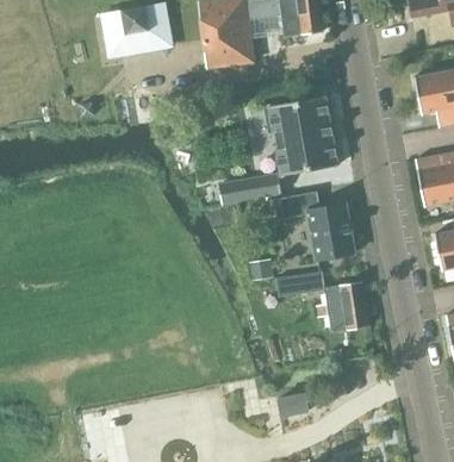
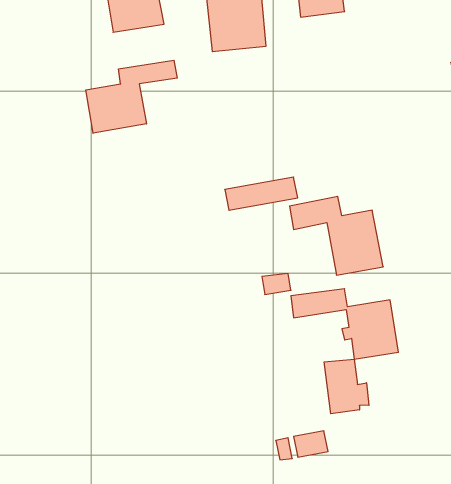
building: none -> [86,60,177,133]
building: [263,95,337,176] -> none
building: none -> [324,359,369,414]

